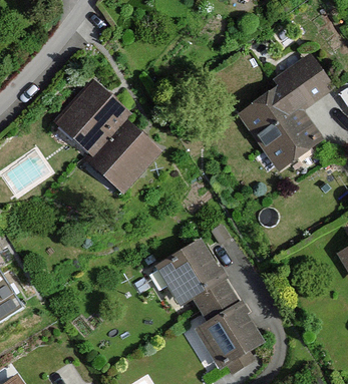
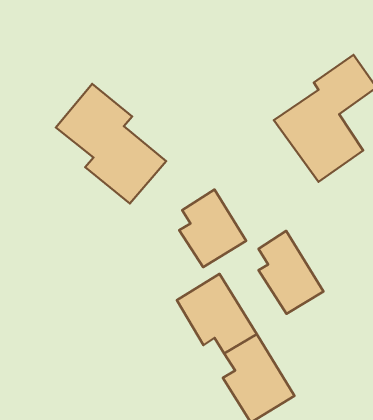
building: none -> [179,190,246,267]
building: none -> [258,231,324,314]

